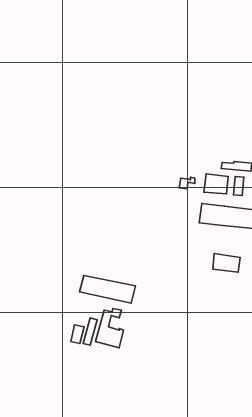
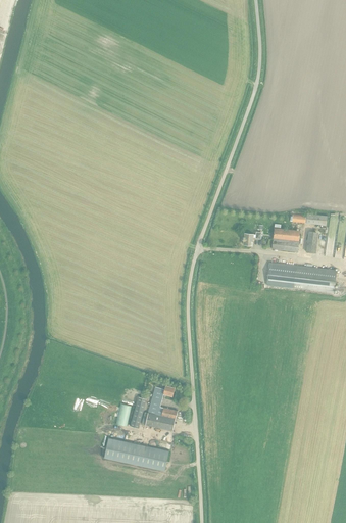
building: [213,254,240,272] -> none
building: [80,275,135,303] -> [103,437,168,470]

